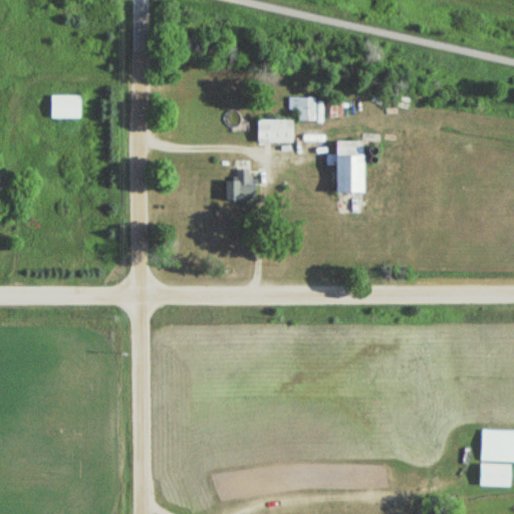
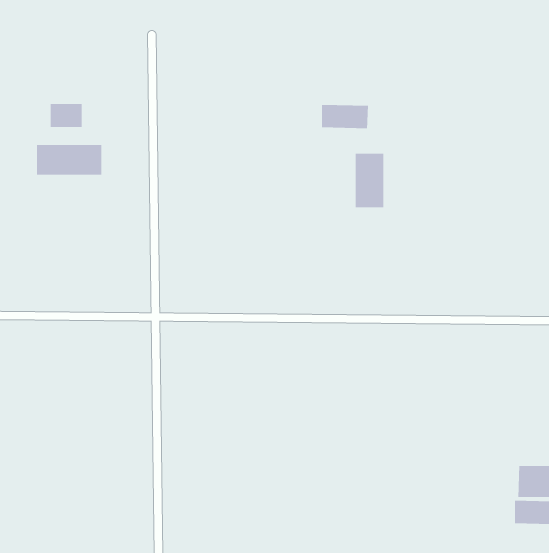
building: [258,119,293,143] -> none
building: none -> [36,144,102,175]
building: [228,173,258,199] -> none

